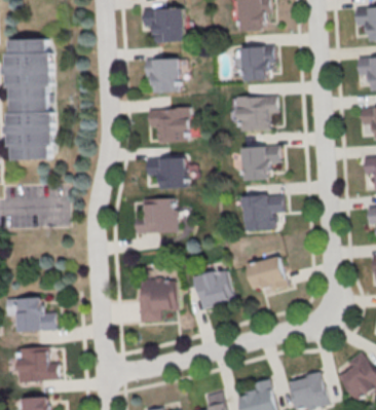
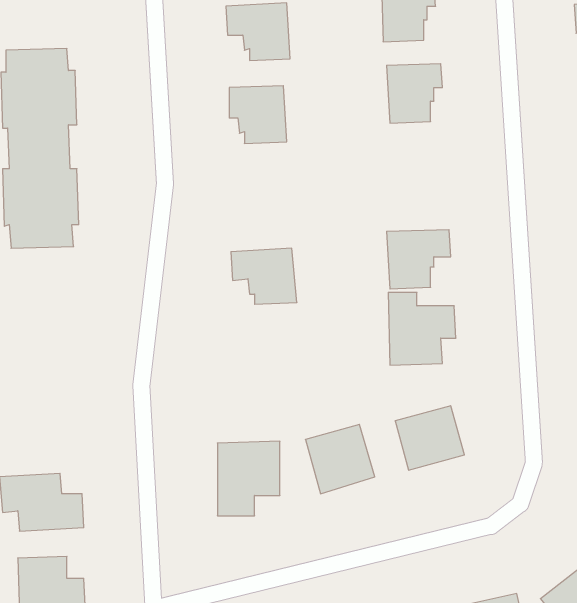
building: [243,98,276,134] -> none
building: [149,108,188,143] -> none
building: [136,197,176,232] -> none

